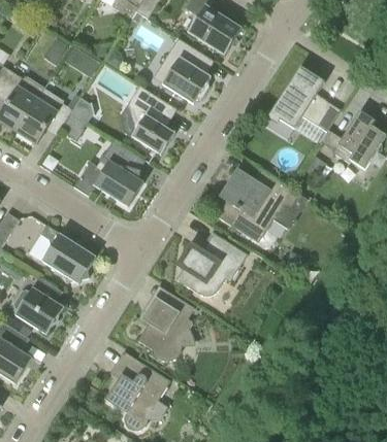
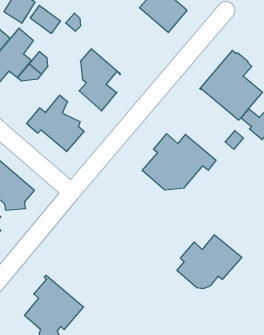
building: [161,38,211,104] -> none
building: [175,233,248,296] -> [177,235,242,288]
building: [137,292,194,362] -> none

